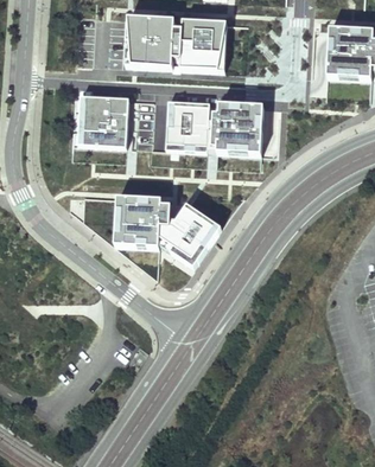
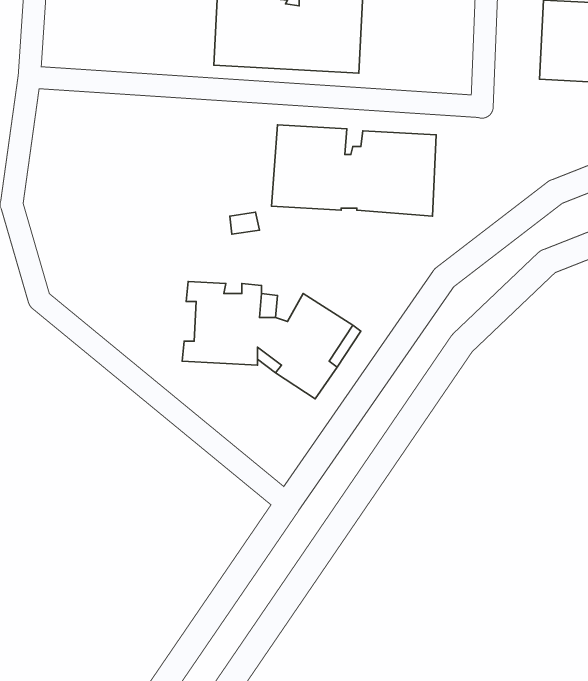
building: [83,100,128,149] -> none

